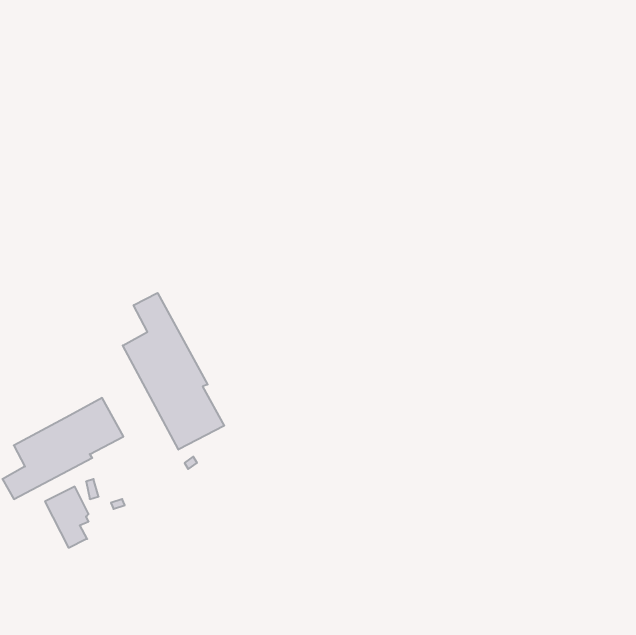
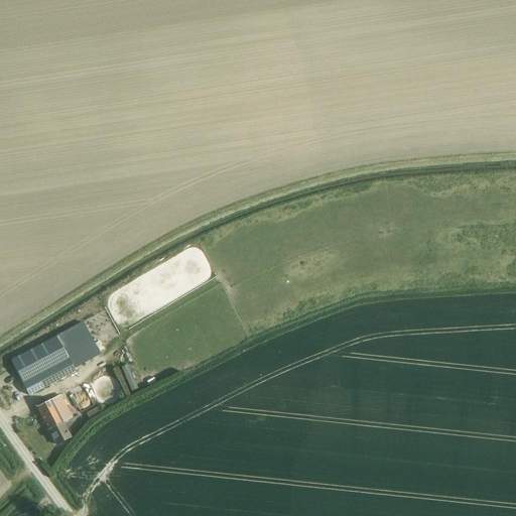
building: [123,293,224,450] -> none

